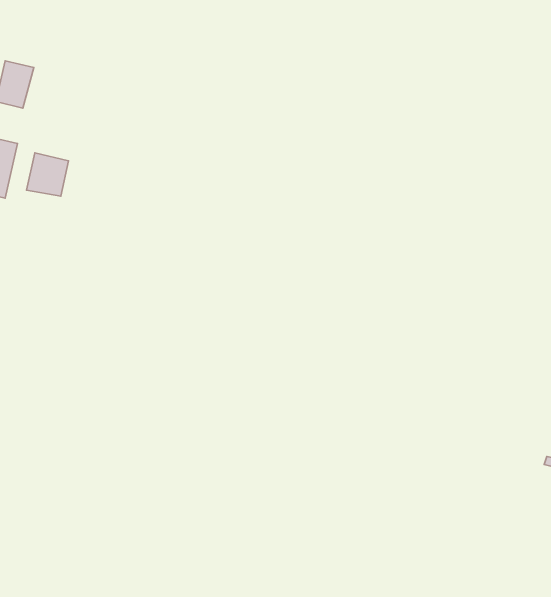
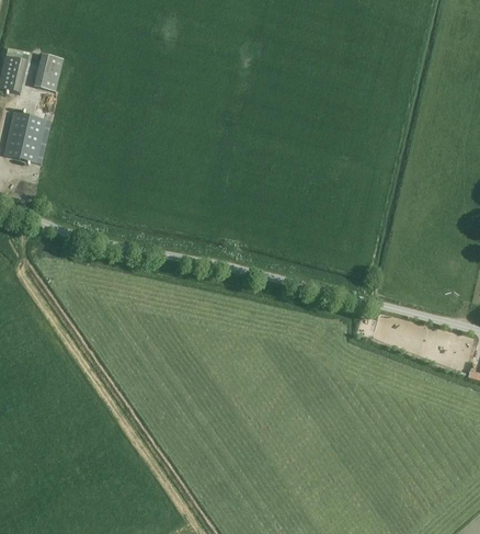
building: [27,153,69,196] -> none

